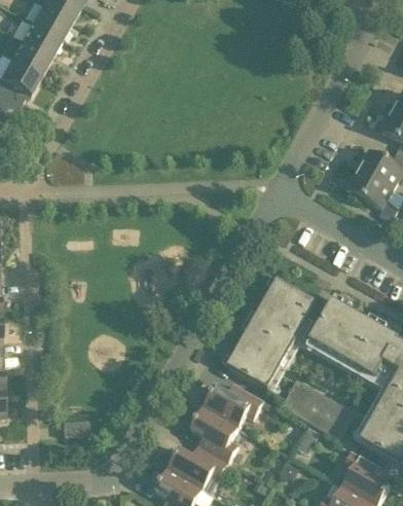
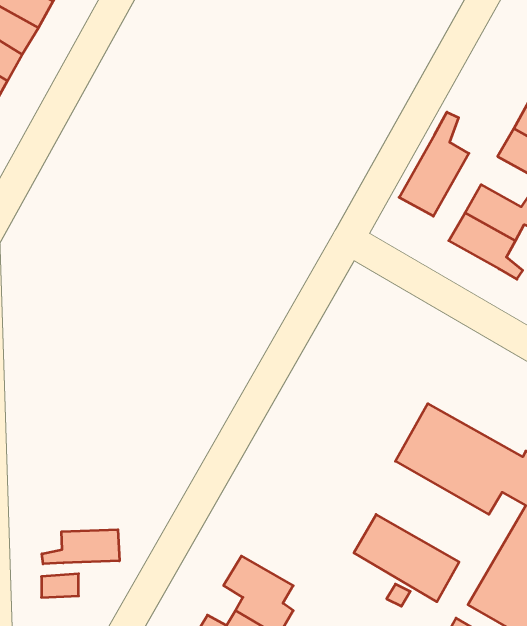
building: none -> [399,112,469,216]
building: [225,278,316,388] -> none
building: [202,383,263,427] -> none
building: none -> [42,530,119,564]

